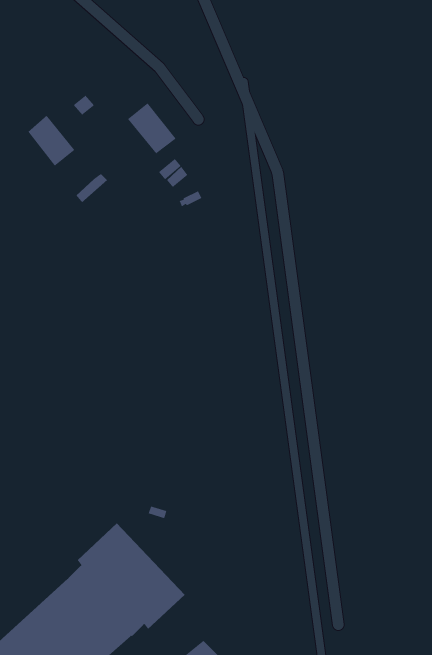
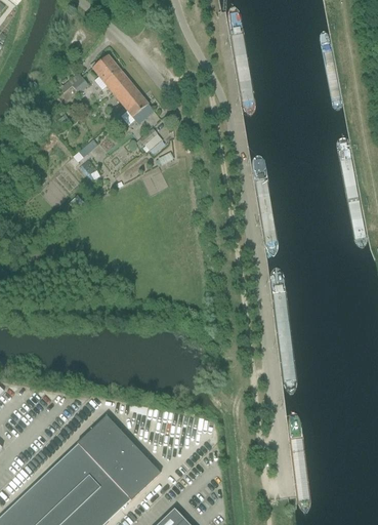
building: [27,115,75,167] -> [92,54,130,95]

